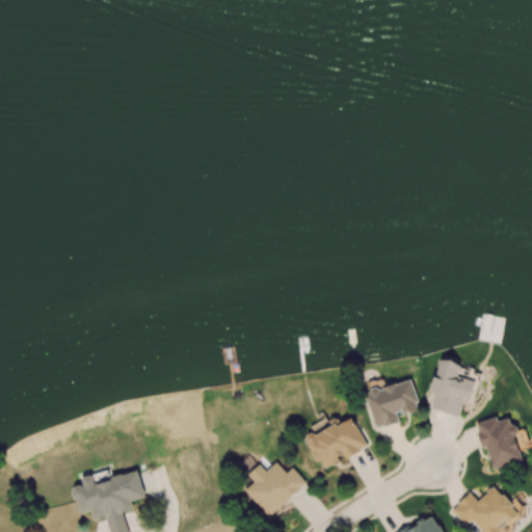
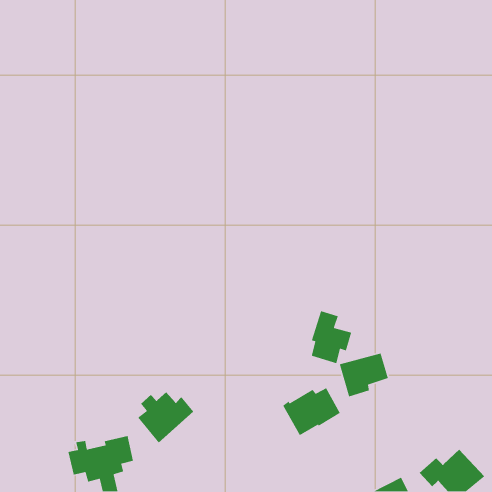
building: [431,358,476,417] -> [311,310,352,364]
building: [476,417,524,470] -> none
building: [245,461,307,517] -> [137,391,194,443]

